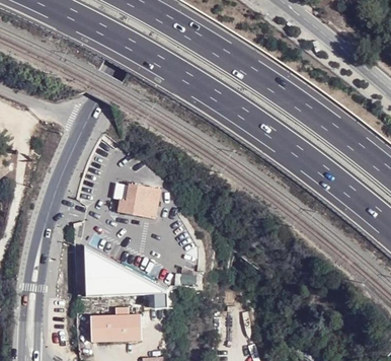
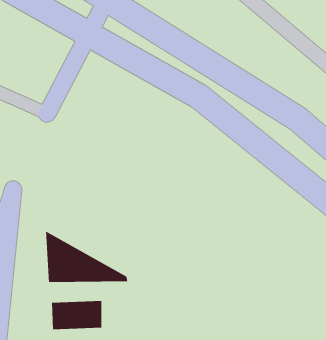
building: [118,184,168,218] -> none

